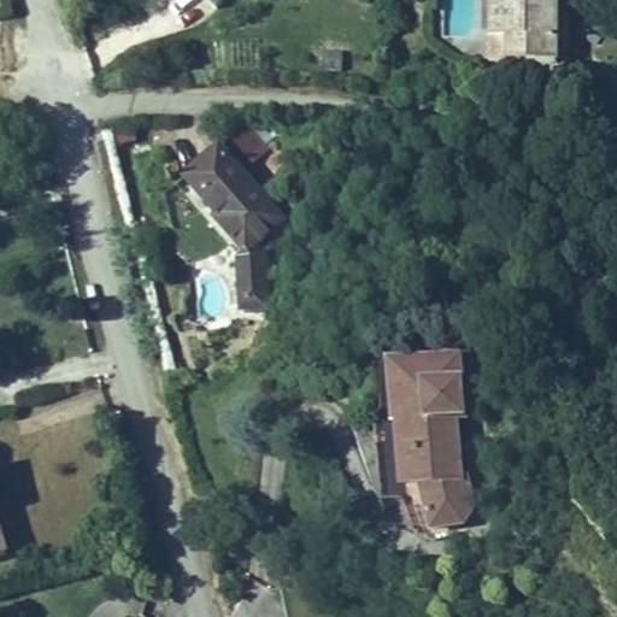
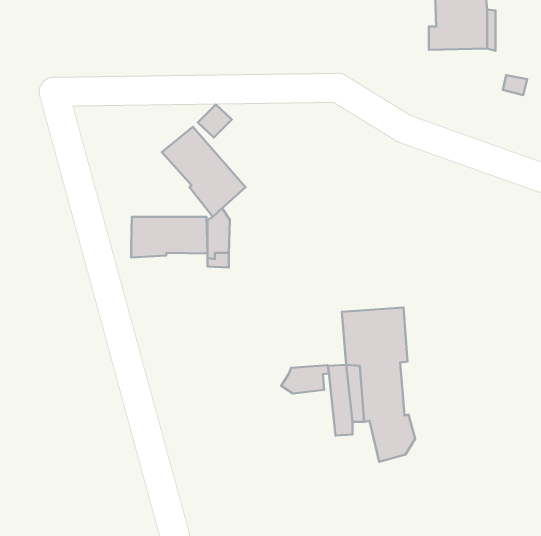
building: none -> [131,217,208,258]
building: none -> [281,365,329,393]

